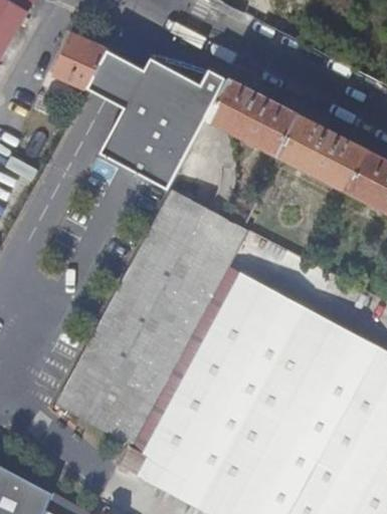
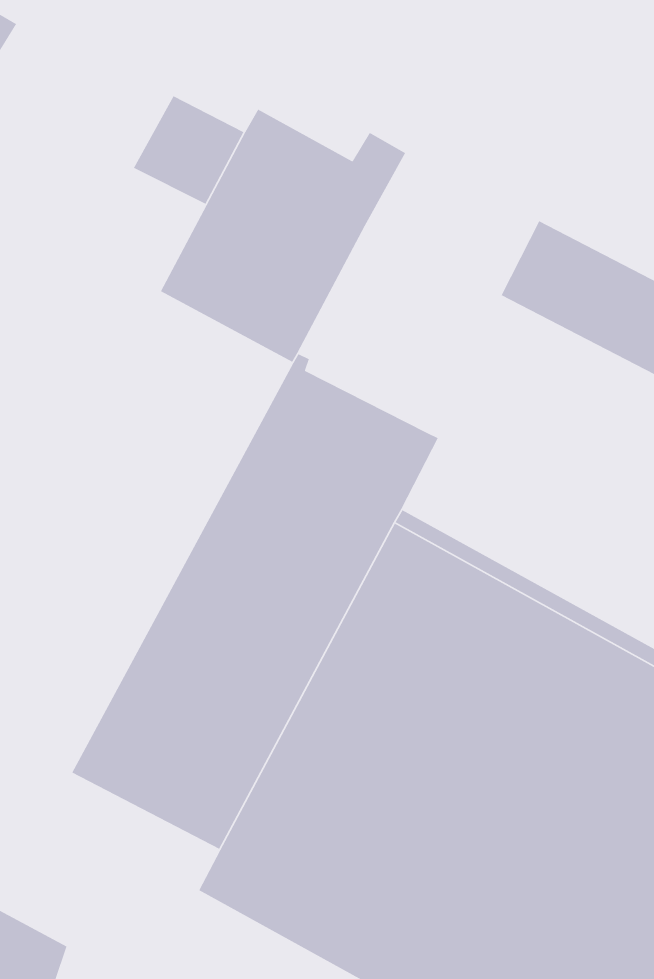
building: [54,35,110,89] -> none
building: [210,81,301,156] -> none

